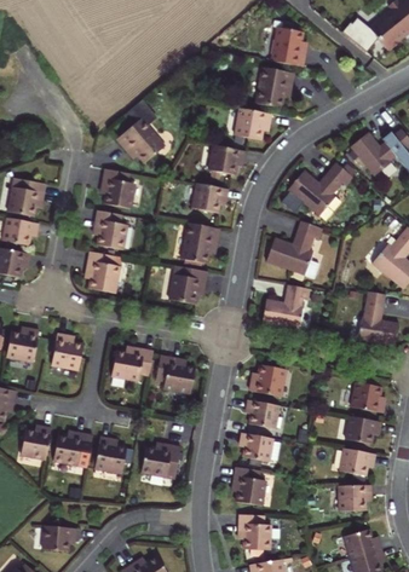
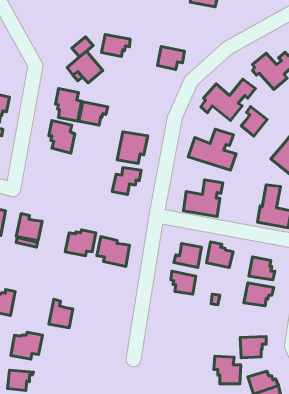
building: [258,74,295,112] -> none
building: [201,146,237,174] -> [101,34,130,56]
building: [191,186,227,215] -> [79,102,108,125]
building: none -> [241,106,267,136]
building: [86,253,117,294] -> none
building: none -> [206,242,233,267]
building: [52,432,92,466] -> [11,332,43,359]
building: [241,434,272,466] -> none
building: [138,445,179,480] -> none
building: [335,447,371,476] -> none
building: [232,468,267,505] -> none
building: [231,514,265,549] -> [214,356,241,384]

